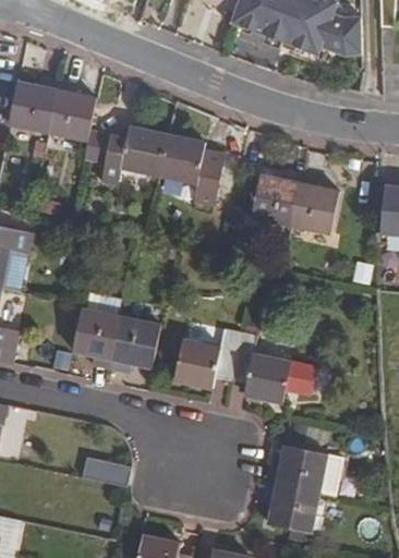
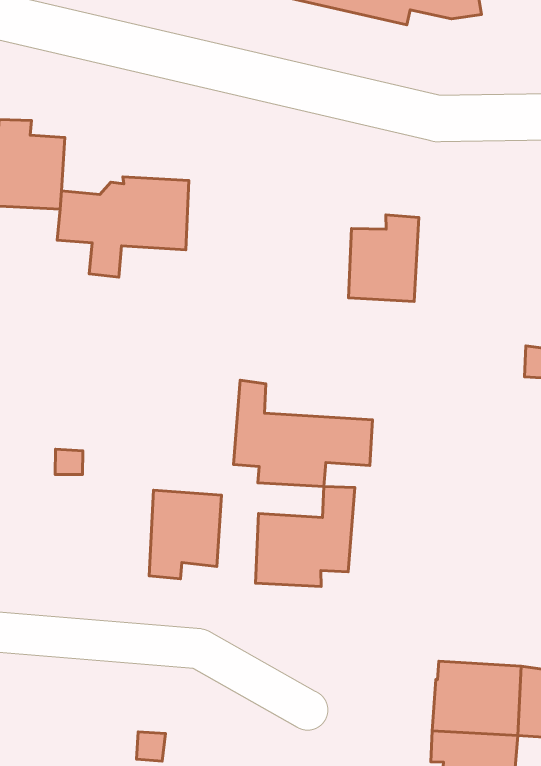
building: [159,133,225,205] -> none
building: [292,174,340,232] -> none
building: [72,308,120,367] -> none
building: [230,331,317,402] -> [234,380,373,486]

